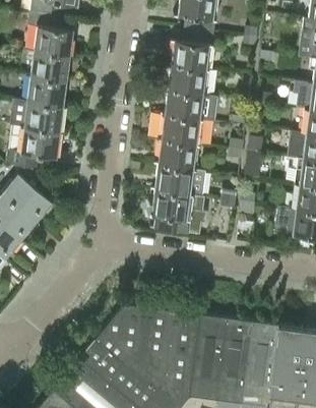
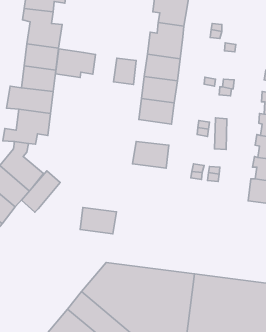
building: none -> [55,49,95,77]
building: none -> [113,58,136,85]
building: [159,140,199,170] -> none
building: [151,191,193,222] -> [80,208,116,234]
building: none -> [22,171,60,212]

